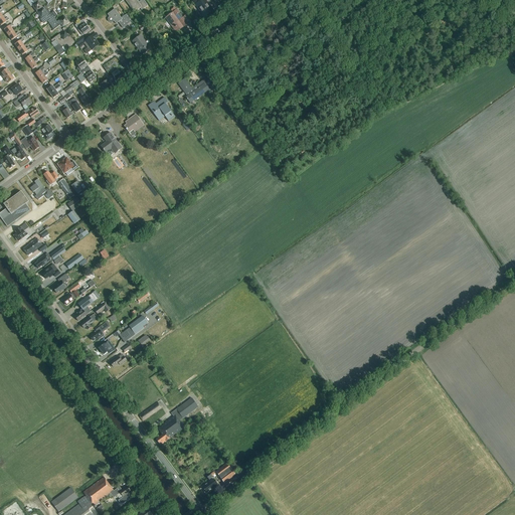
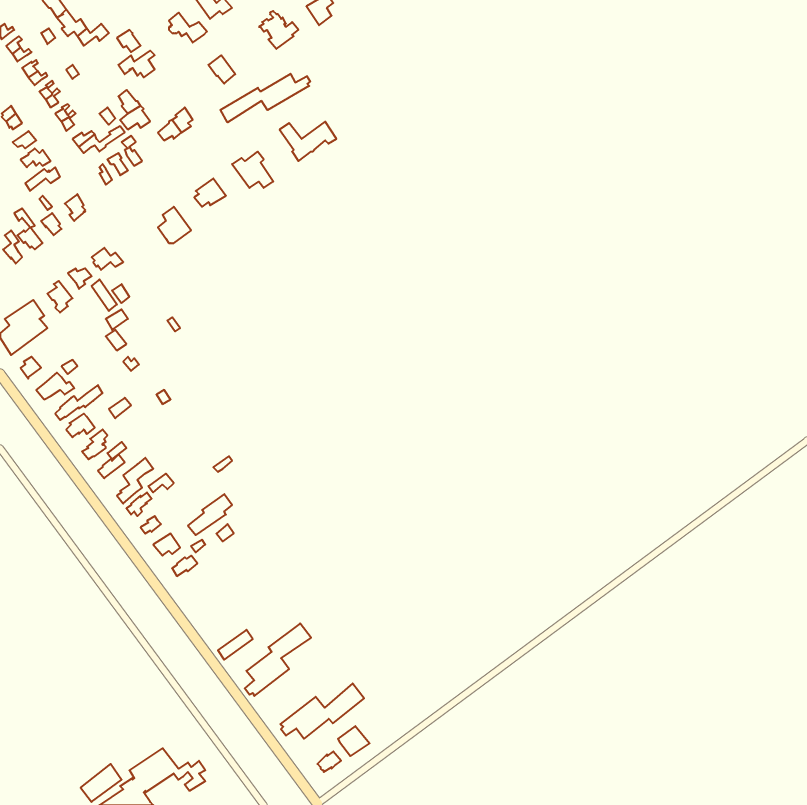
building: none -> [220,74,310,122]
building: none -> [280,683,364,739]

